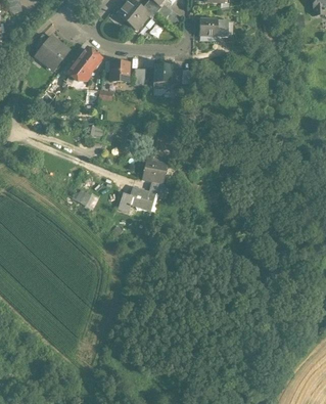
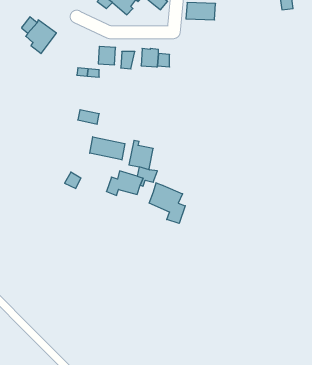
building: [68,47,99,80] -> none
building: none -> [90,137,125,160]
building: none -> [149,183,185,223]

